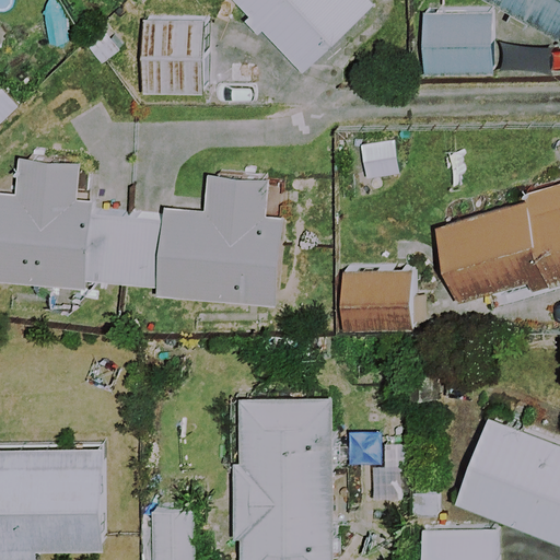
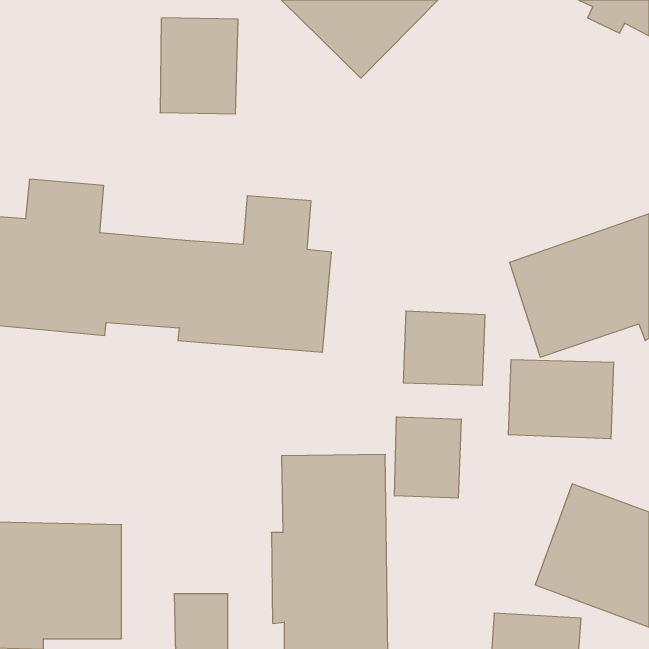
building: [419,12,492,74] -> none
building: none -> [509,360,614,439]
building: none -> [395,417,461,498]

